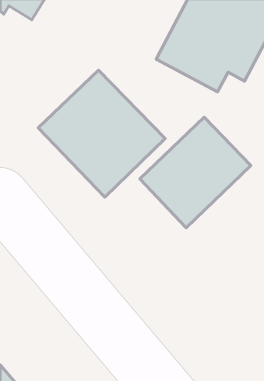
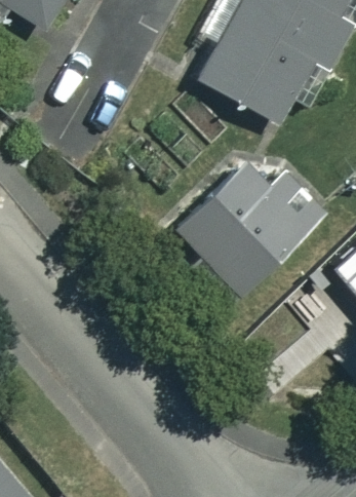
building: [38,70,165,197] -> none

